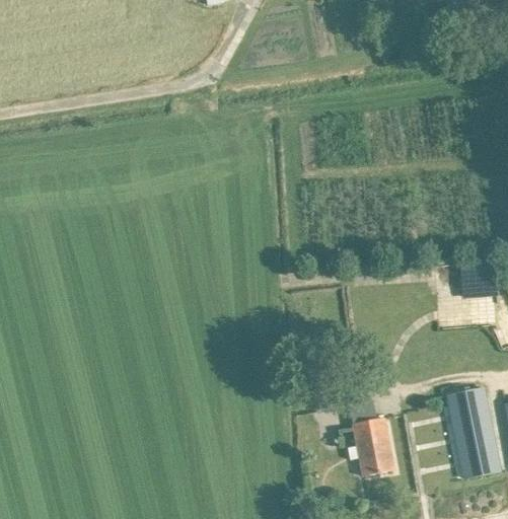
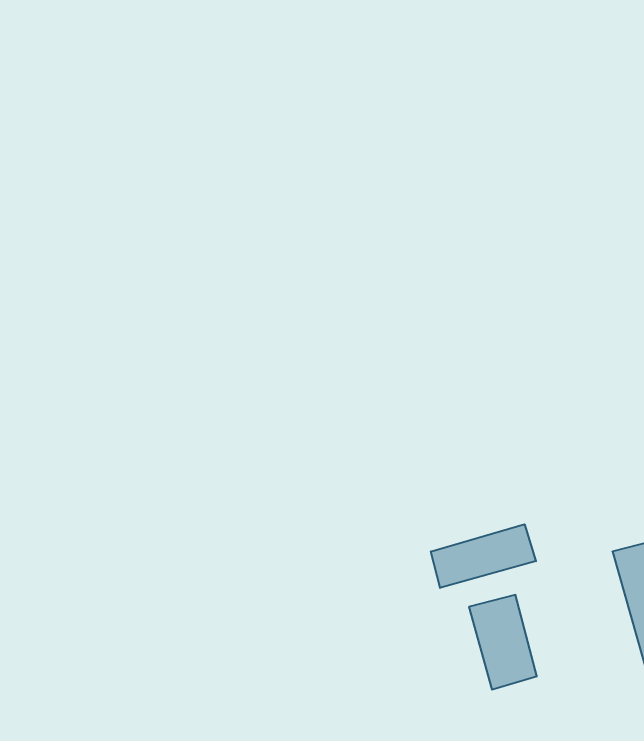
building: none -> [431,524,536,588]

